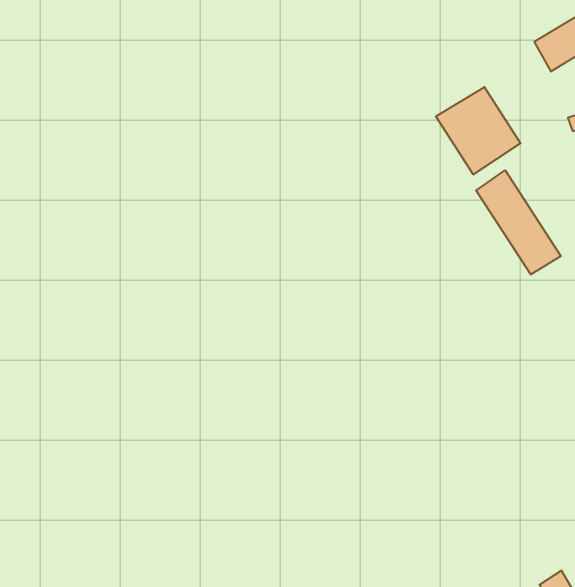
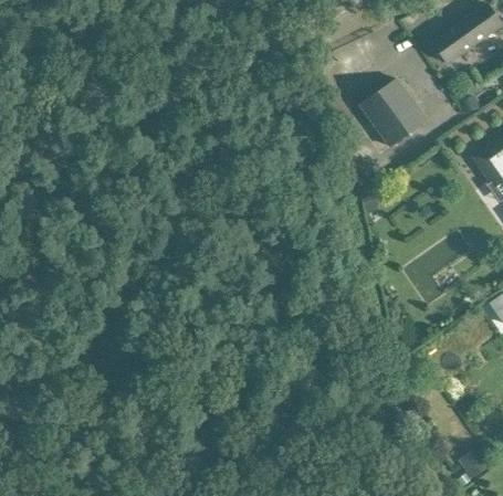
building: [476,170,561,275] -> none

